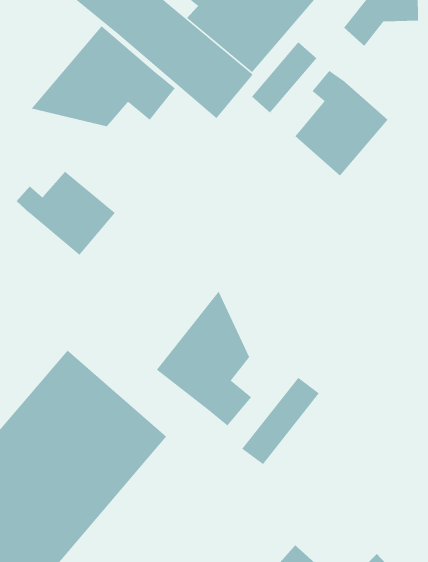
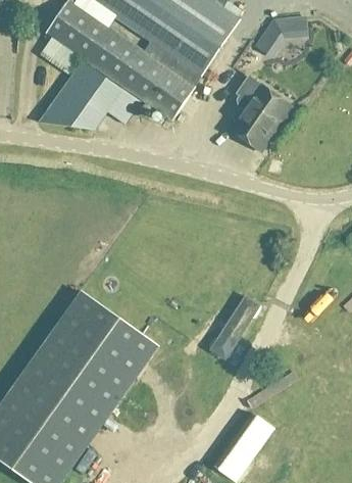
building: [251,41,317,113] -> none
building: [16,171,116,256] -> none
building: [156,290,252,427] -> none

